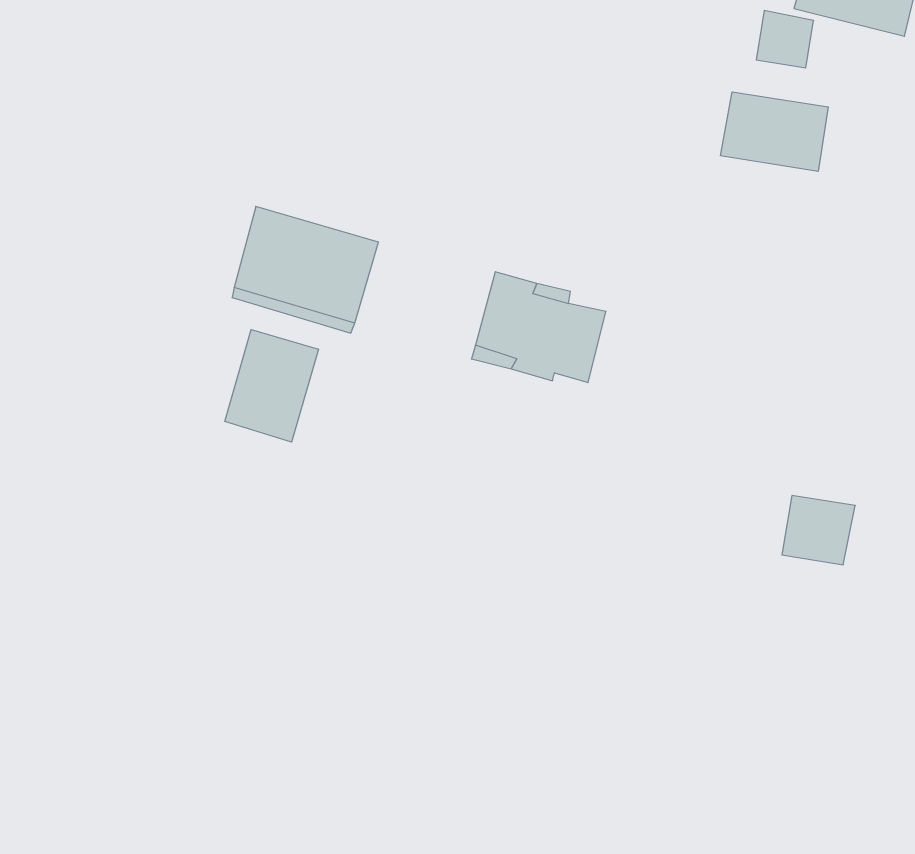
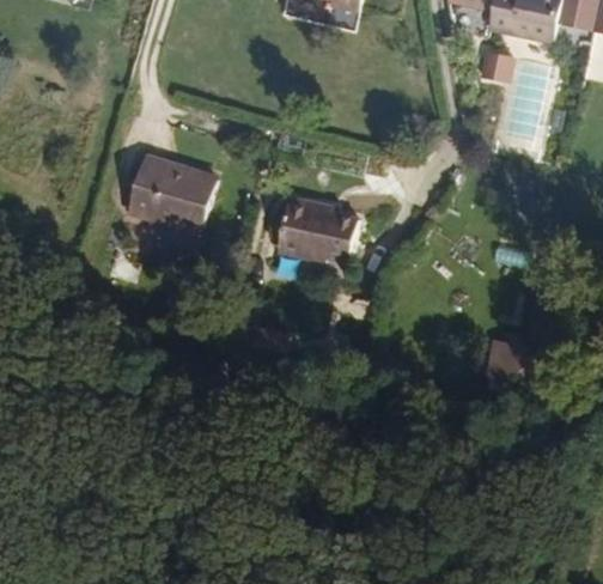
building: [721,92,828,171] -> none
building: [225,330,318,442] -> none

